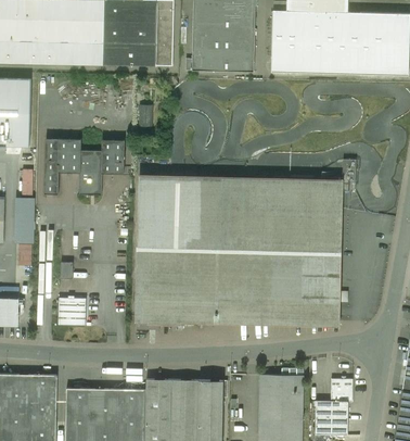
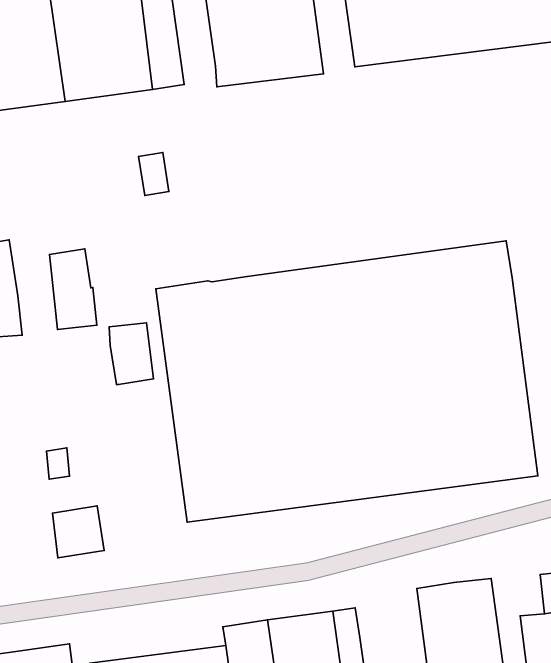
building: [59,139,80,173] -> none
building: [101,140,124,174] -> [109,323,154,385]

